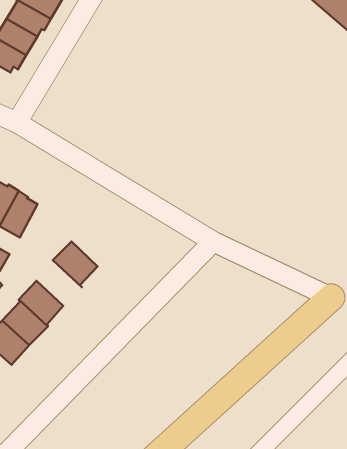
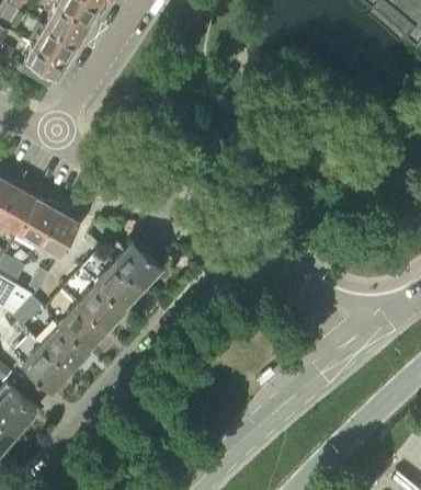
building: none -> [115,240,162,287]
building: none -> [78,281,126,329]

